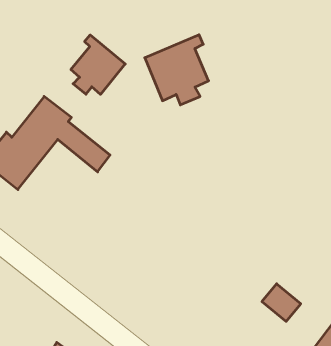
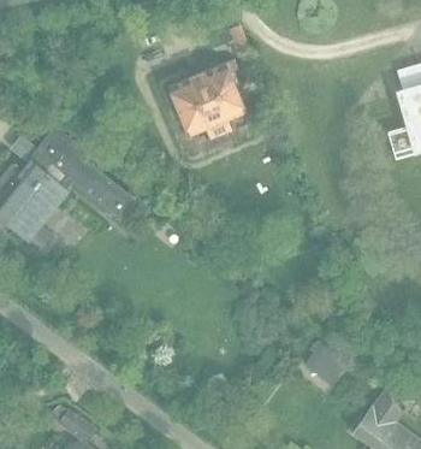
building: [71,35,125,94] -> none

